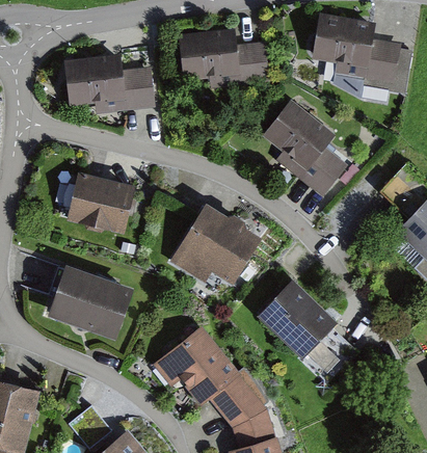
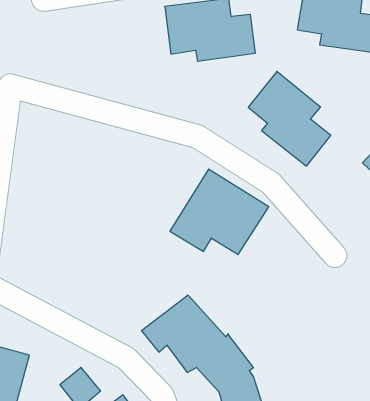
building: [63,55,154,115] -> none
building: [77,174,152,238] -> none
building: [47,263,132,339] -> none
building: [258,275,346,363] -> none

